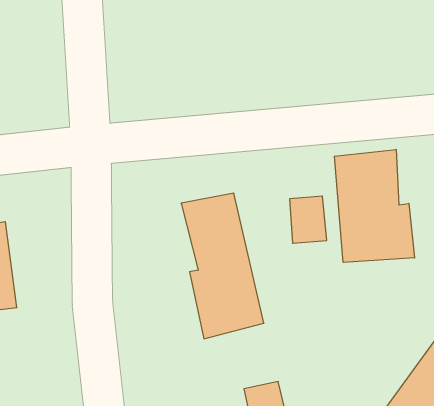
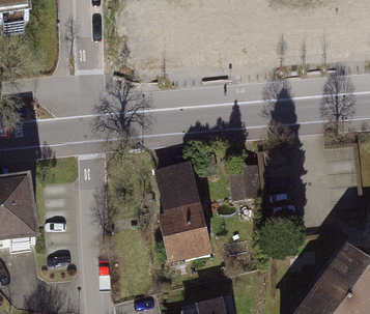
building: [334,149,415,262] -> none

